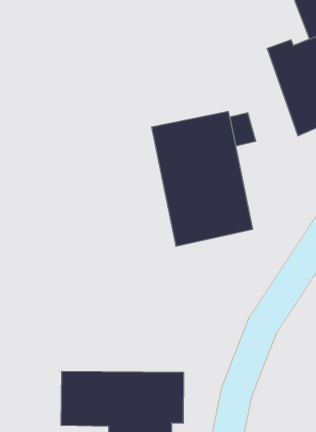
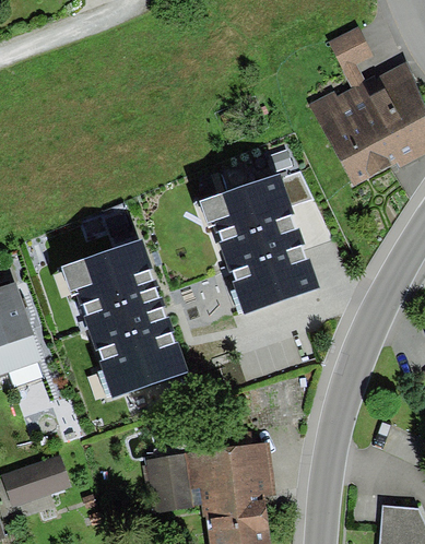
building: none -> [63,238,186,397]

